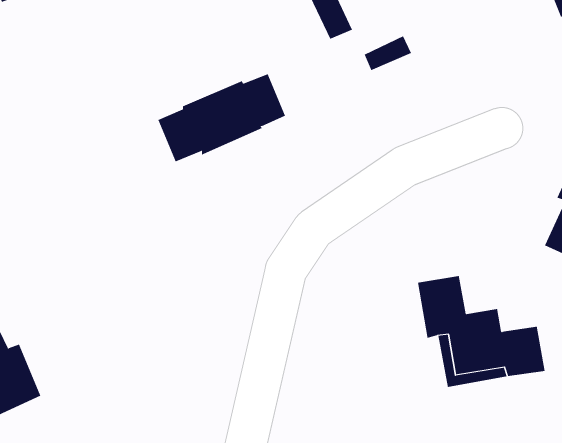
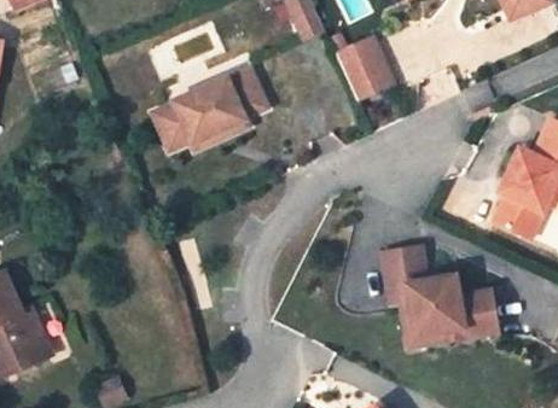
building: none -> [342,51,393,99]

